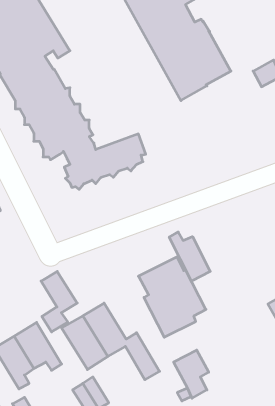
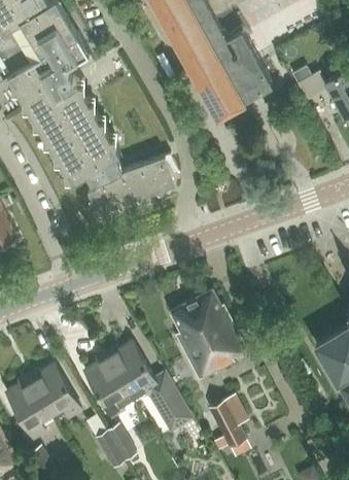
building: [169,232,210,281] -> none
building: [41,271,77,332] -> none

